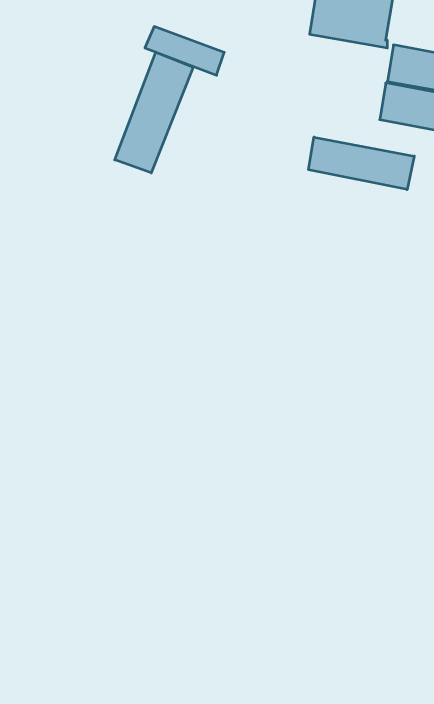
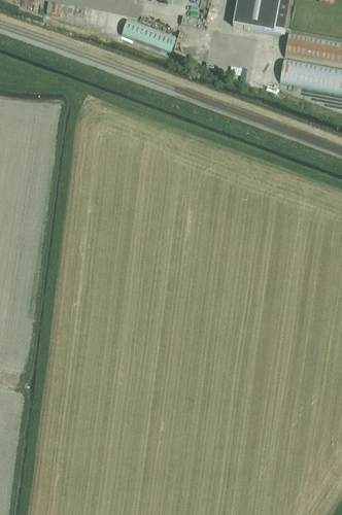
building: [115,52,193,173] -> none
building: [309,137,414,190] -> none

